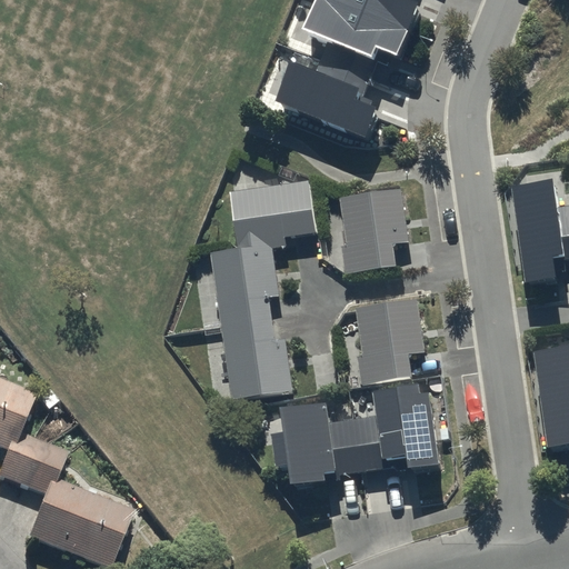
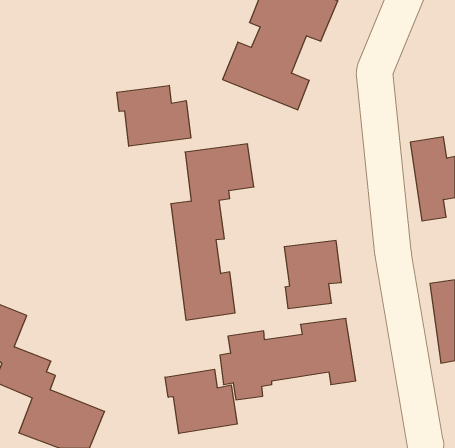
building: none -> [117,85,191,146]
building: [339,189,408,273] -> none
building: none -> [165,369,237,434]

